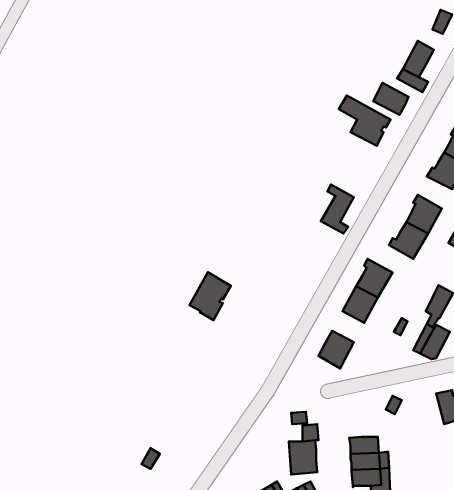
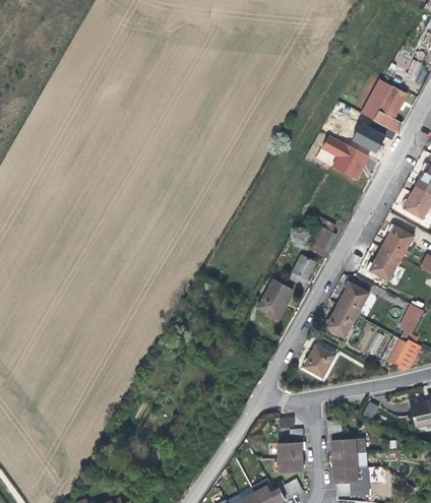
building: none -> [361,79,392,120]
building: none -> [283,255,316,286]
building: [190,272,231,320] -> [257,278,294,321]

